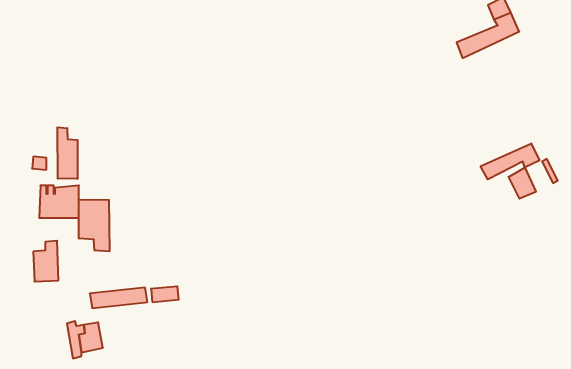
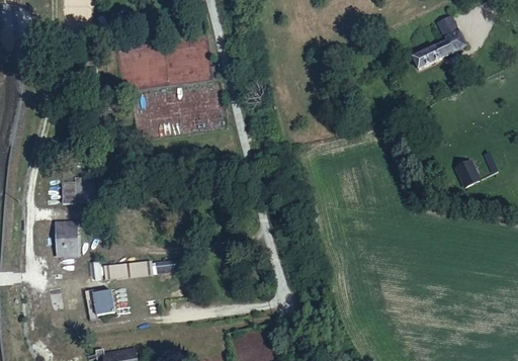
building: [57,127,77,179] -> none
building: [481,143,539,179] -> none
building: [79,200,109,251] -> none

